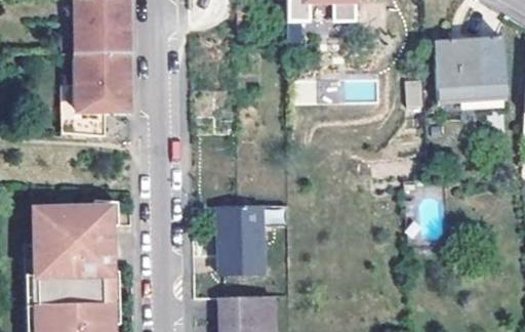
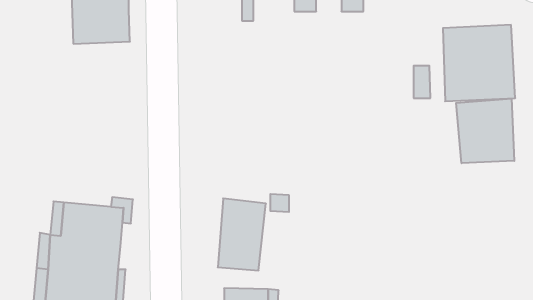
building: [73,52,129,132] -> none
building: none -> [456,99,514,163]

